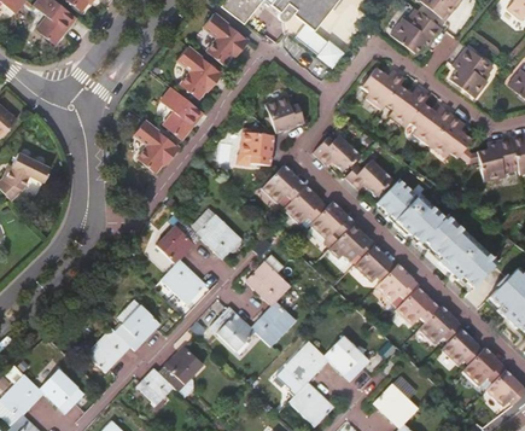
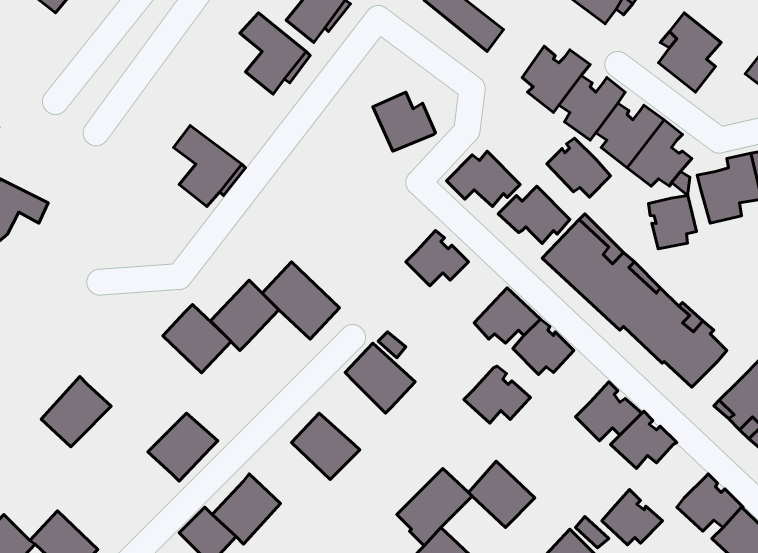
building: [159,86,203,139] -> none
building: none -> [547,138,611,197]
building: [237,130,275,168] -> none
building: none -> [649,195,697,249]
building: [263,167,304,203] -> none
building: [310,202,354,239] -> none
building: [162,261,206,305] -> [163,305,231,373]
building: [375,264,419,302] -> [464,366,530,423]
building: [251,303,292,344] -> none
building: [86,327,132,373] -> [41,377,111,447]
building: [442,327,482,363] -> [602,490,663,545]

